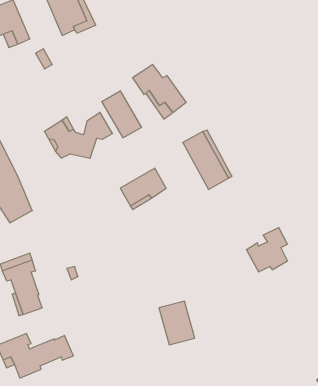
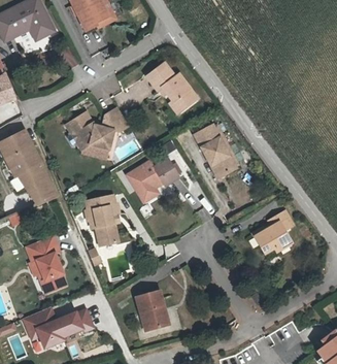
building: [102,91,141,138] -> none
building: none -> [83,193,120,243]
building: [159,301,195,345] -> [135,289,168,329]

